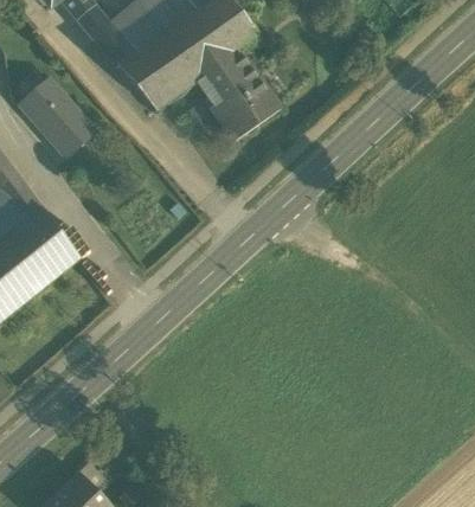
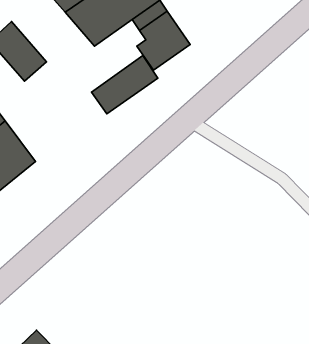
building: none -> [92,55,158,114]

